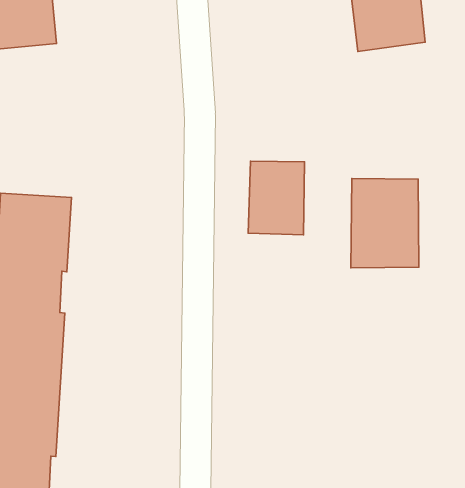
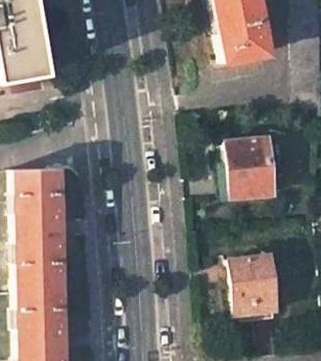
building: [248,161,304,235] -> none
building: none -> [232,255,281,322]

